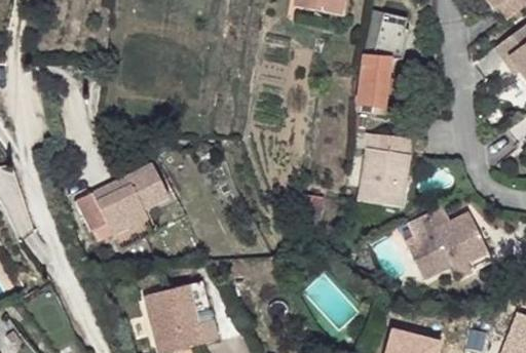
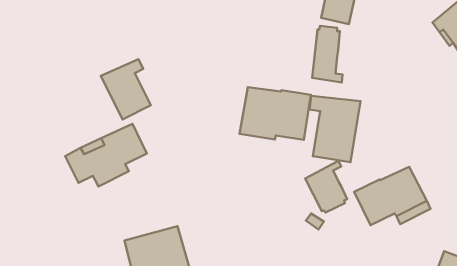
building: none -> [101,59,151,120]
building: none -> [239,87,311,140]
building: none -> [305,161,347,213]

